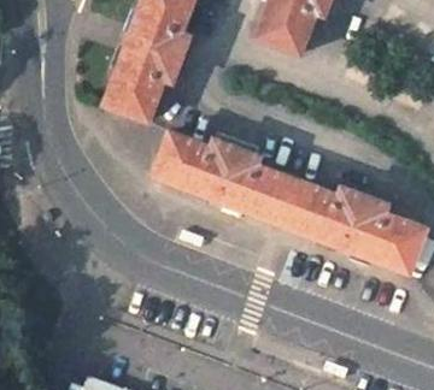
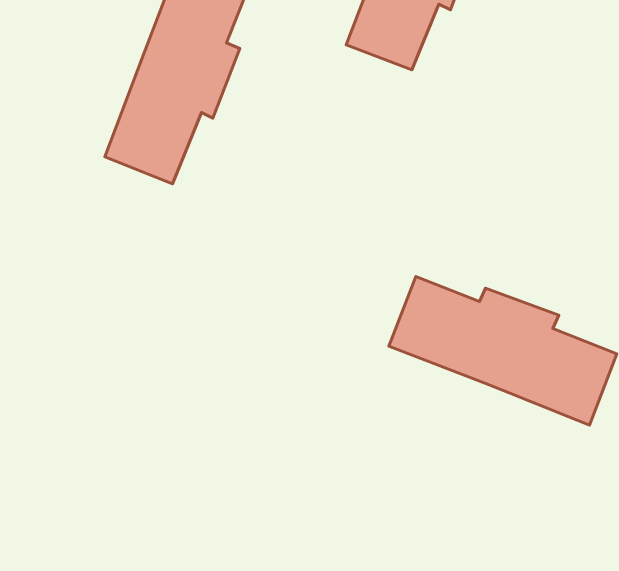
building: [153,130,299,223] -> none

